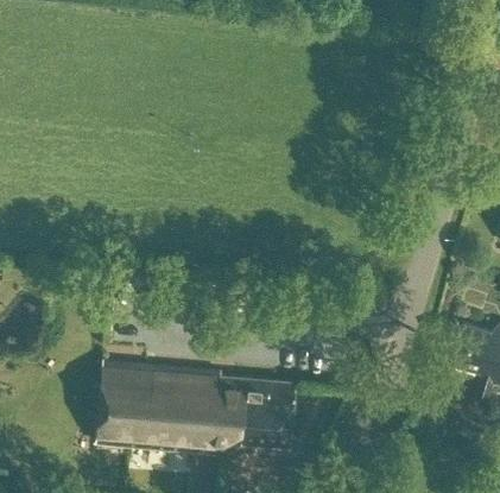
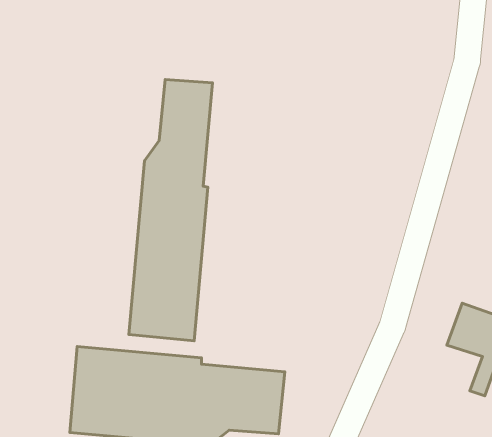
building: none -> [129,79,212,341]

